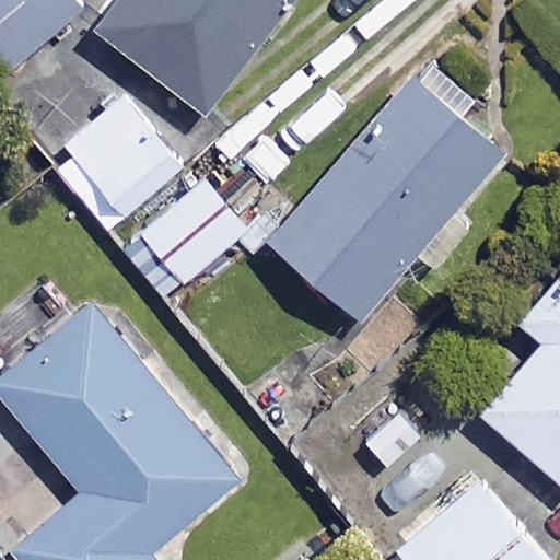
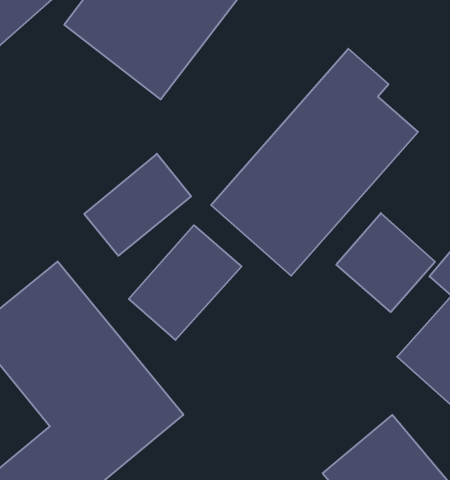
building: [48,98,177,226] -> none
building: none -> [336,213,435,312]
building: none -> [129,225,241,340]

